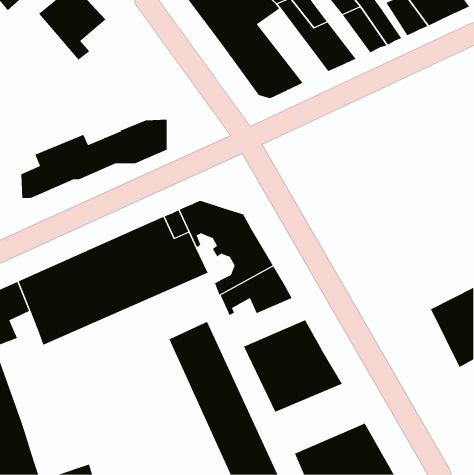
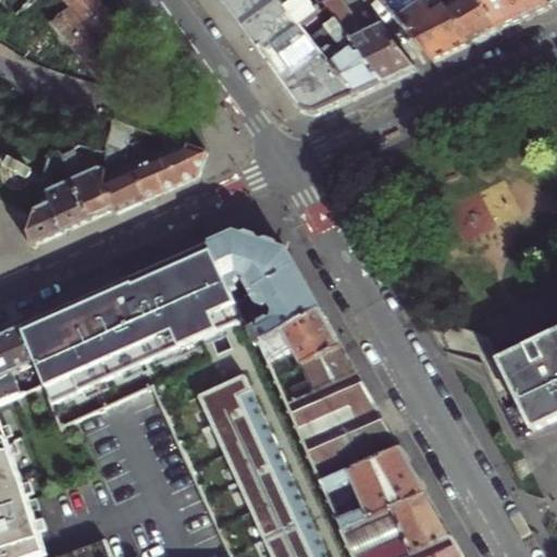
building: none -> [301,10,383,97]
building: none -> [282,348,357,405]
building: none -> [321,448,426,530]

